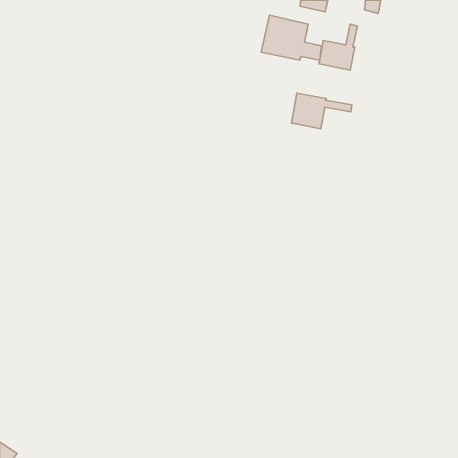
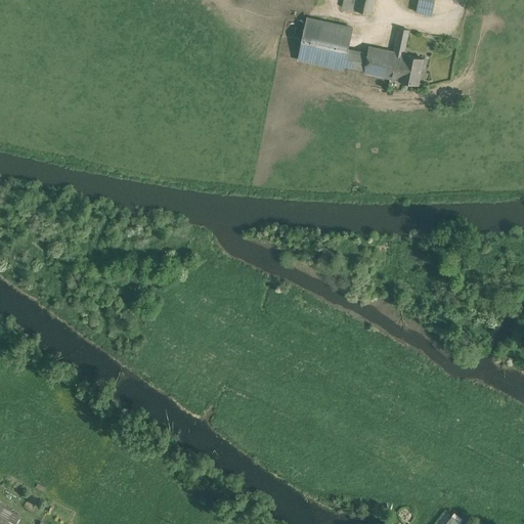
building: none -> [399,54,423,85]
building: [291,93,352,129] -> none

